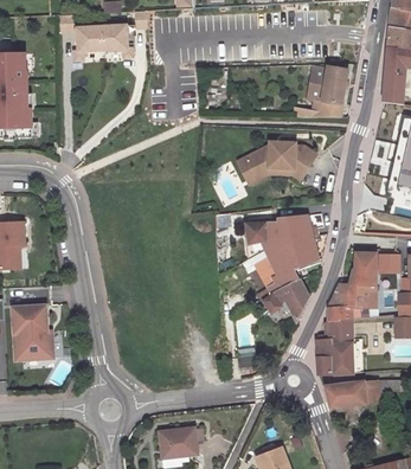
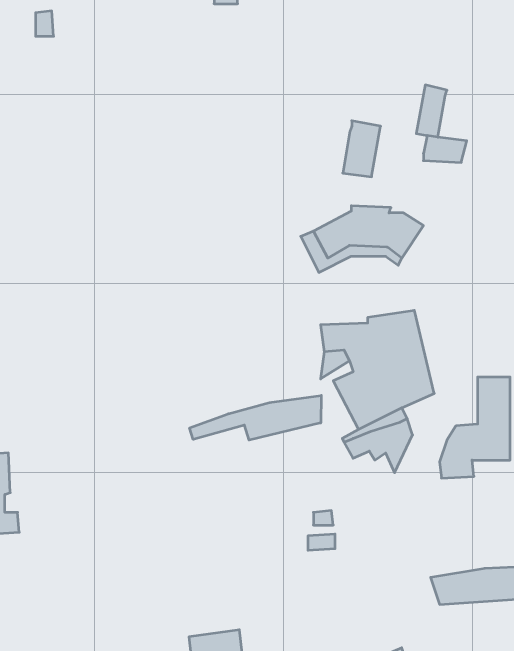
building: [73,25,131,59] -> none
building: [325,63,349,99] -> [343,121,381,177]
building: none -> [190,395,321,440]
building: [315,320,351,374] -> none

